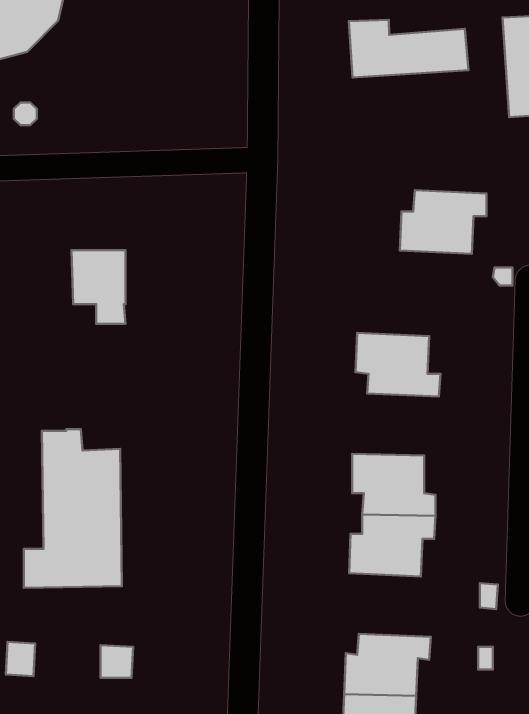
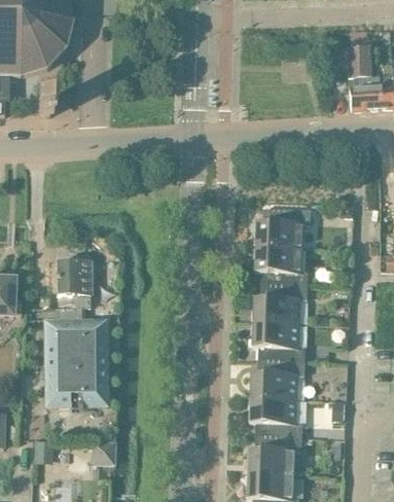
building: [349,20,468,78] -> none
building: [400,190,487,254] -> [256,208,311,248]
building: [72,250,125,324] -> [58,260,92,307]
building: none -> [253,284,308,323]
building: none -> [250,397,302,437]

